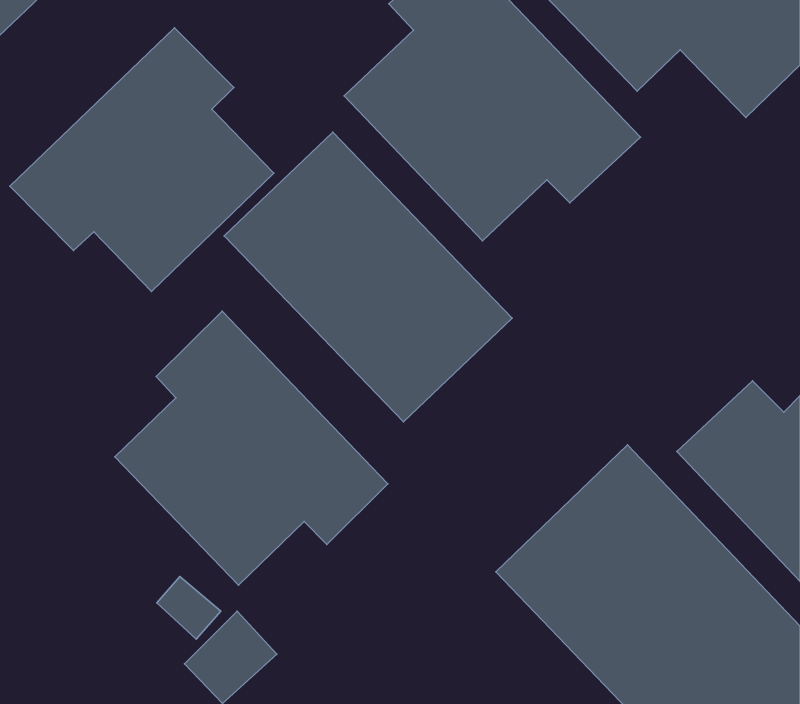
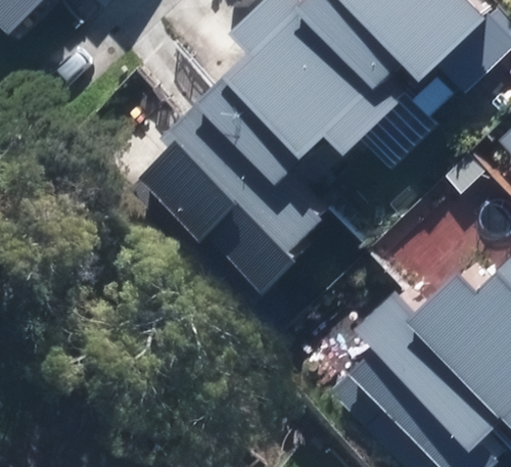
building: [10,28,274,291] -> none
building: [115,311,388,585] -> none

